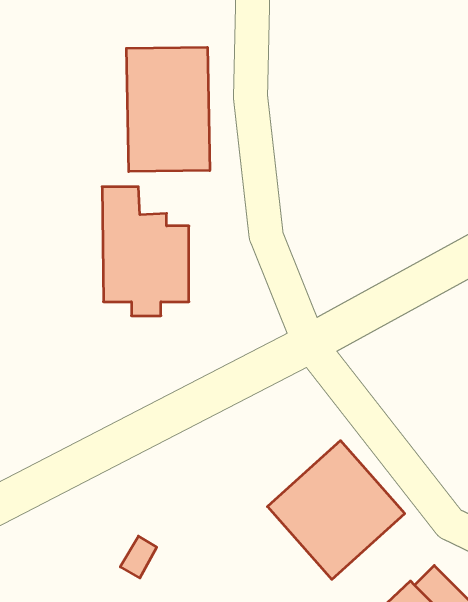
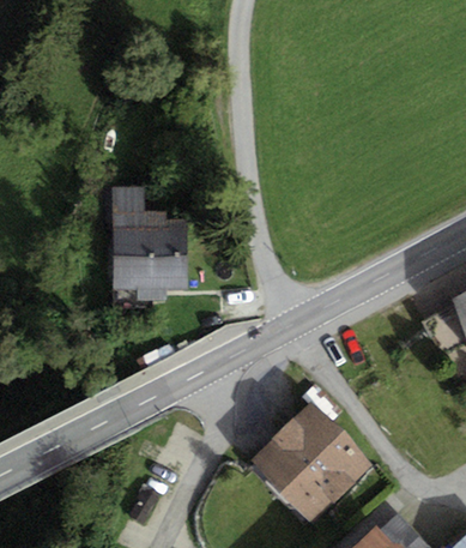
building: [126,47,210,172] -> none

